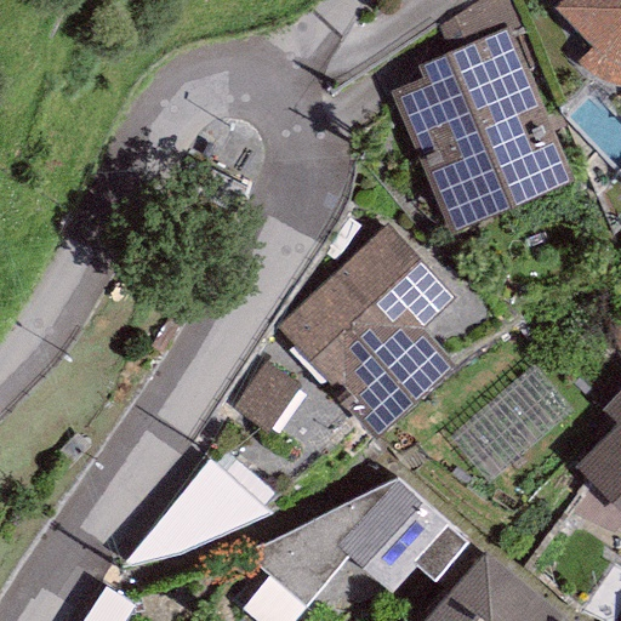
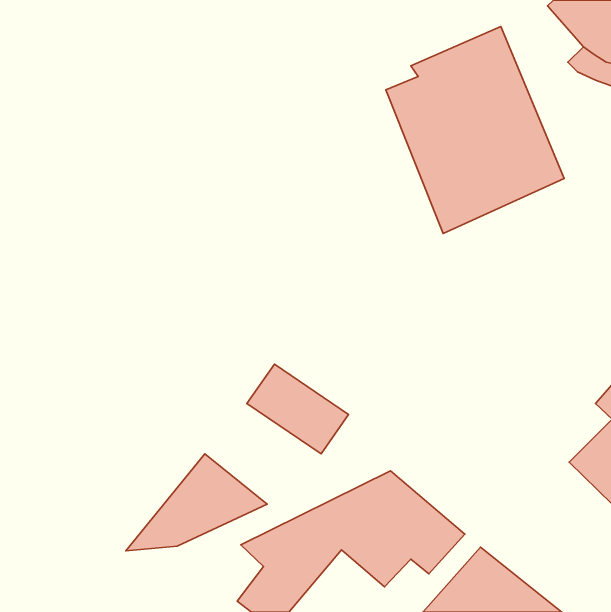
building: [277,226,455,435] -> none

